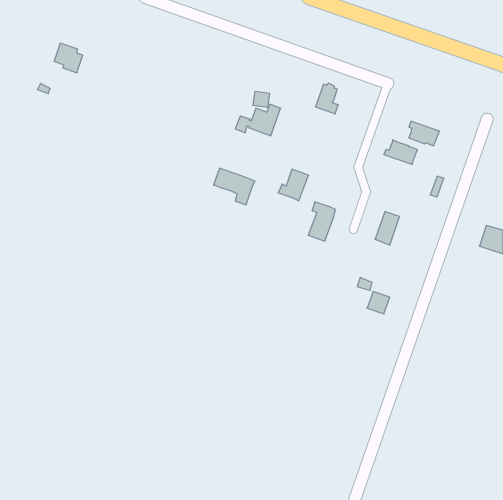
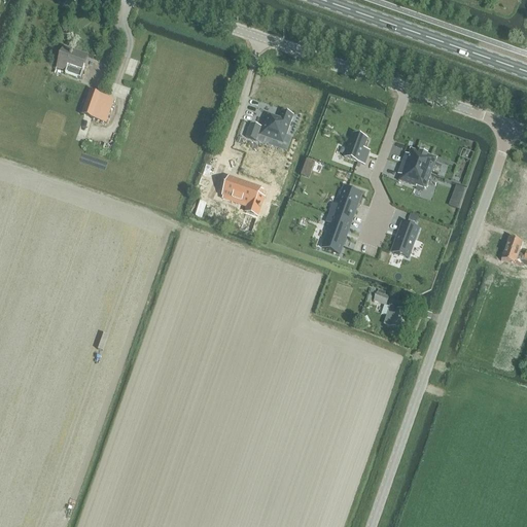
building: [316,83,338,114] -> [345,131,368,163]
building: none -> [81,90,114,121]
building: [409,121,439,146] -> [399,162,431,187]
building: [278,169,309,201] -> [329,186,361,219]

